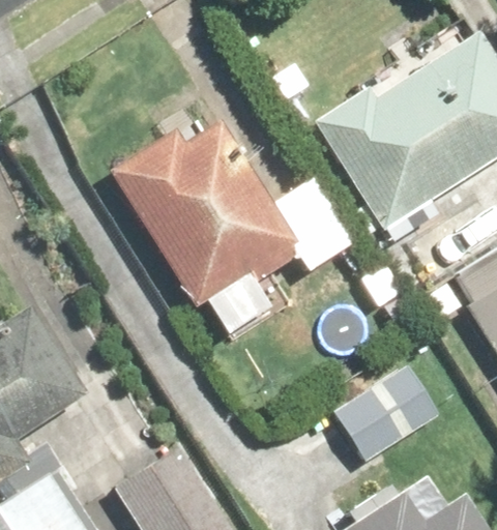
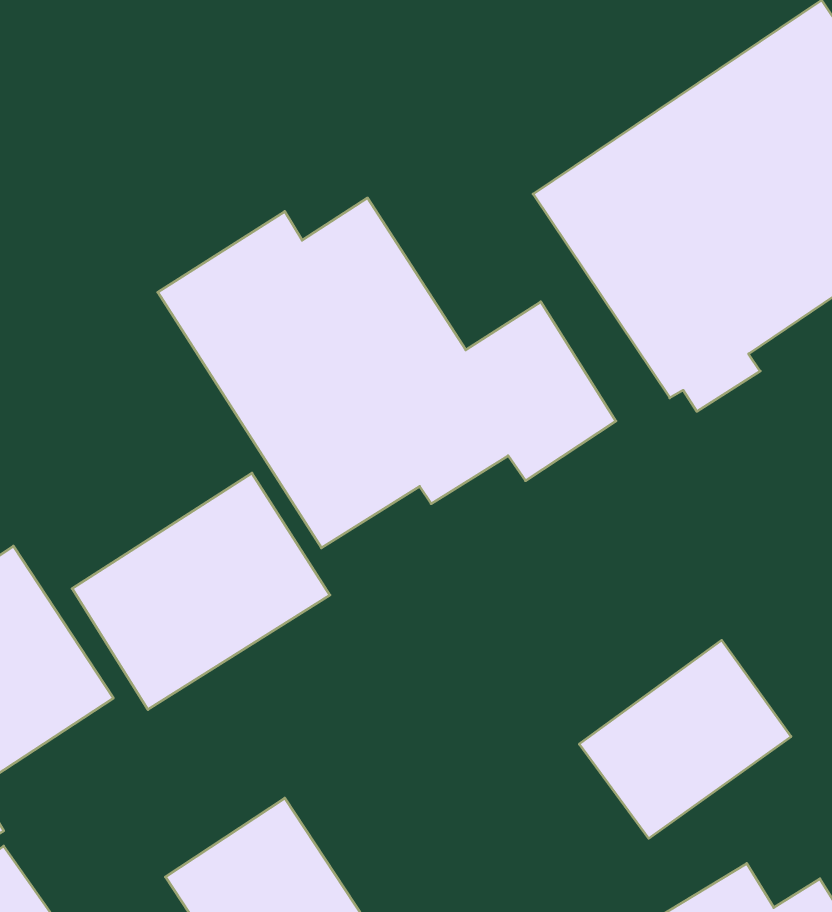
building: none -> [72,473,330,710]

